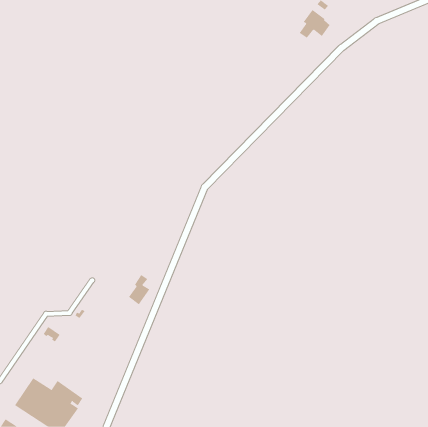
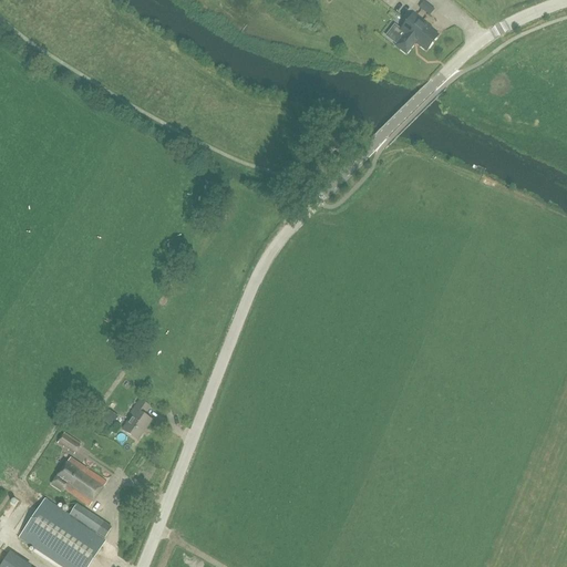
building: [128,274,150,305] -> [122,398,151,439]
building: none -> [51,455,105,505]

